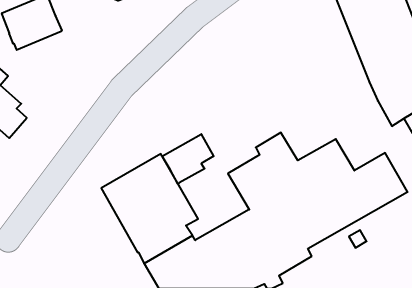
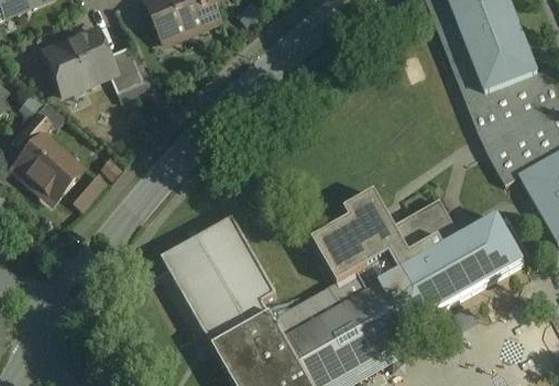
building: none -> [108,45,145,91]
building: [162,134,214,184] -> none

